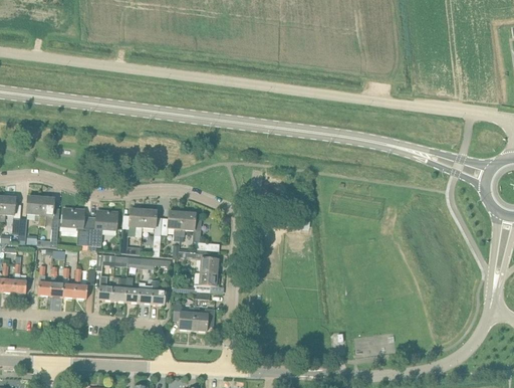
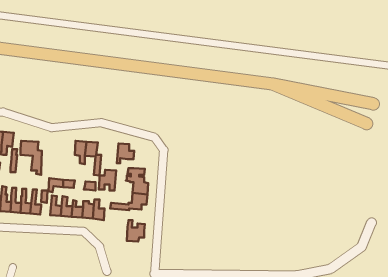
building: [87,210,117,246] -> none
building: [161,210,182,235] -> [99,170,116,190]
building: [173,304,194,330] -> none

